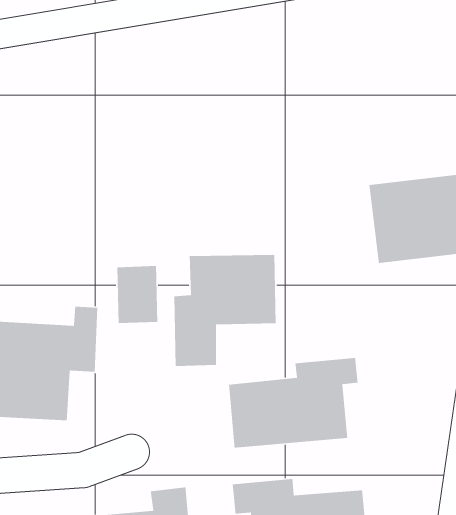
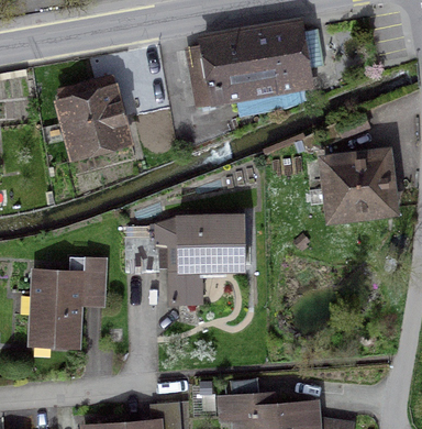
building: none -> [198,20,318,106]
building: none -> [56,84,137,162]
building: [228,357,358,449] -> none

